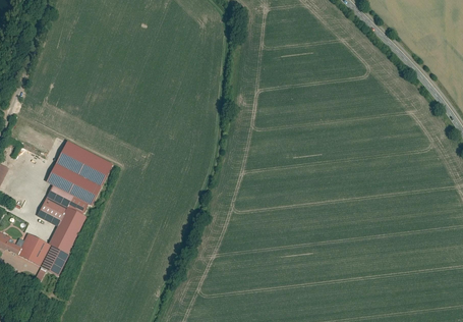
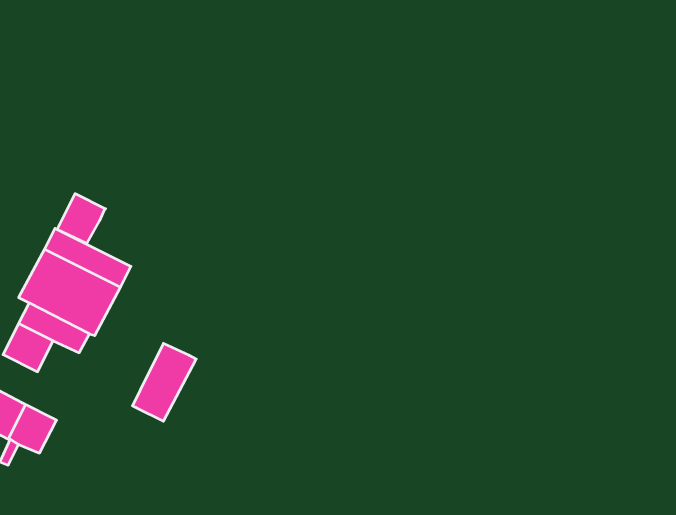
building: none -> [57,194,106,243]
building: [49,207,86,253] -> [132,343,196,421]

